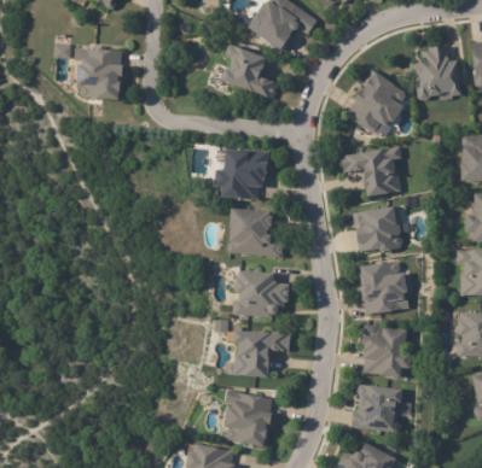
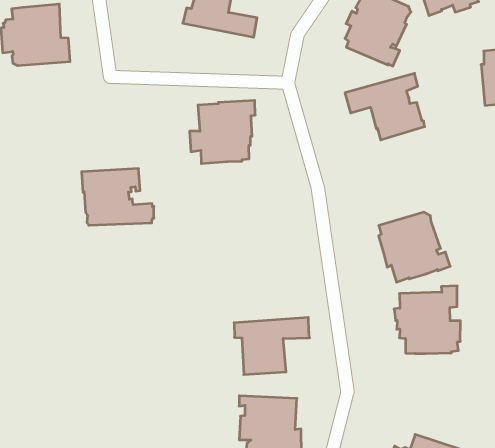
building: [352,205,402,252] -> none
building: [226,207,283,257] -> [82,169,154,225]
building: [234,271,292,318] -> none
building: [349,385,413,432] -> none

